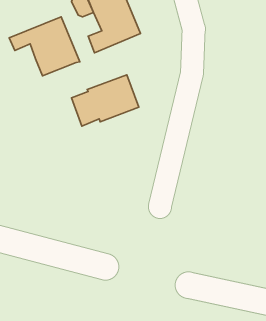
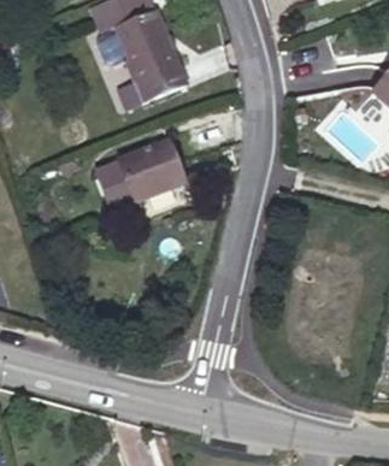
building: [9,17,80,76] -> none

